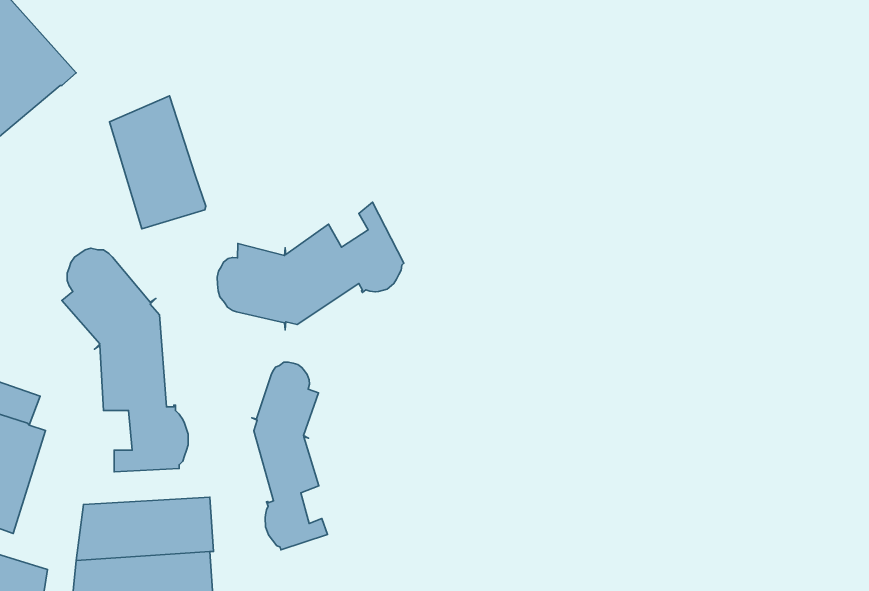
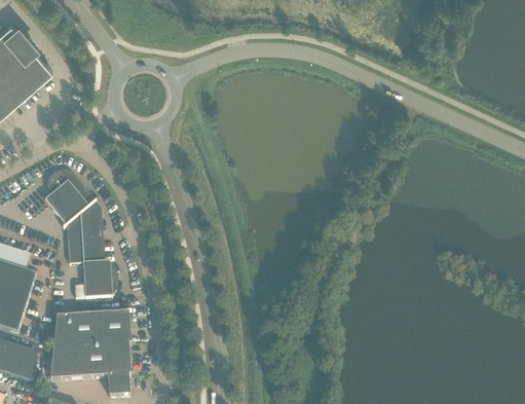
building: [109,96,206,229] -> none
building: [217,202,404,330] -> none
building: [252,362,328,550] -> none

